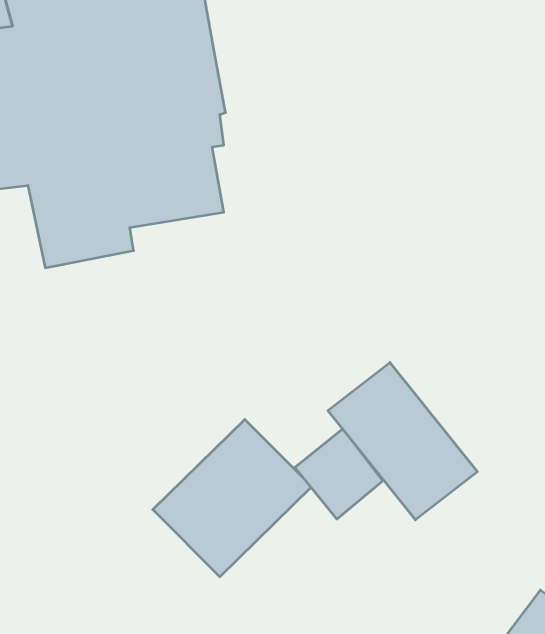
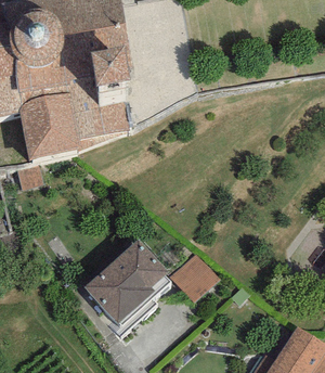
building: [328,362,477,520] -> none

